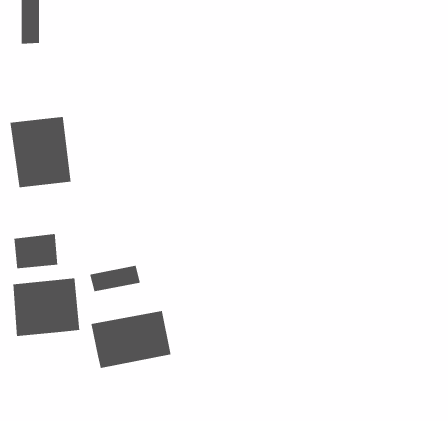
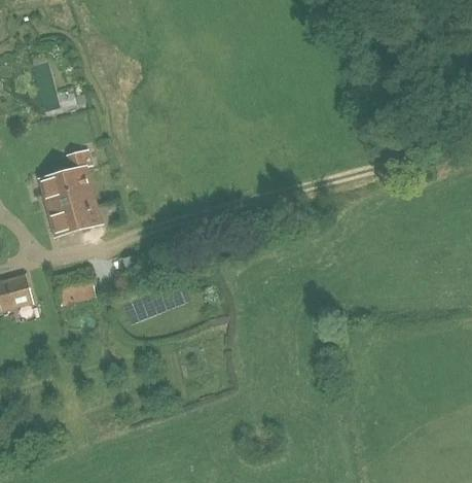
building: [12,278,80,337] -> none
building: [91,310,172,369] -> none

